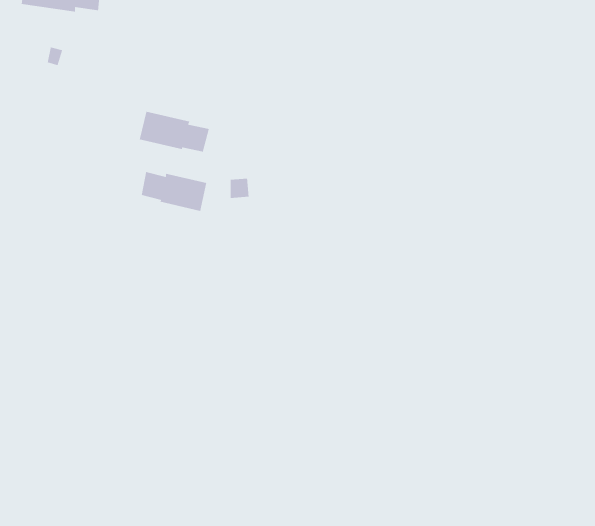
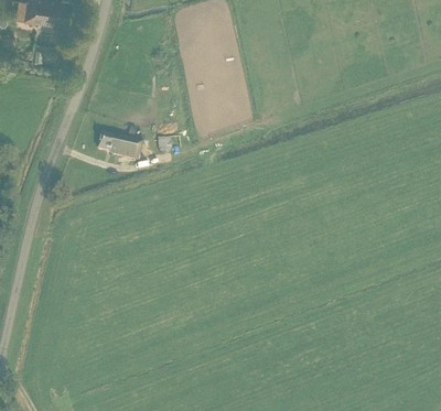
building: [139,111,210,152] -> none

